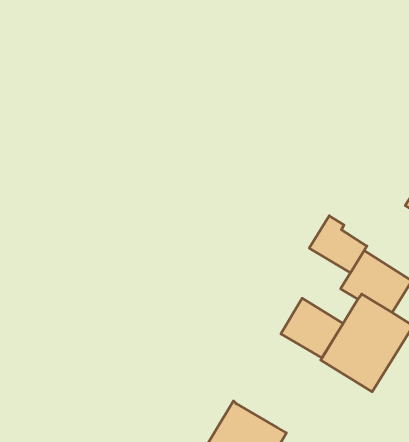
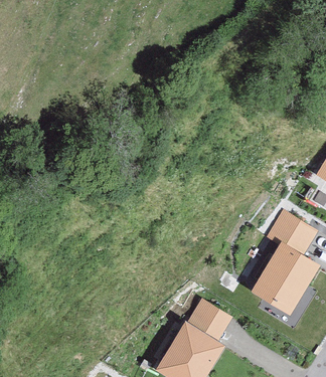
building: [309,216,367,273] -> none
building: [281,298,343,358] -> [185,298,232,343]

